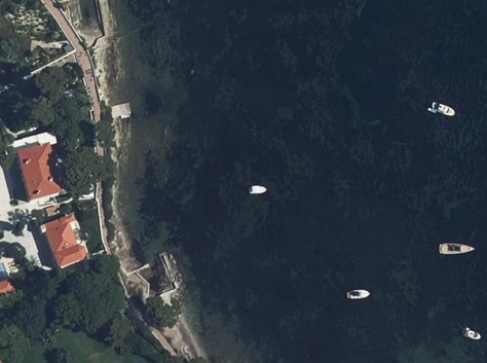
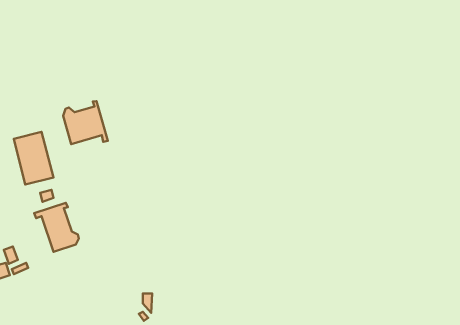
building: none -> [63,101,108,144]

